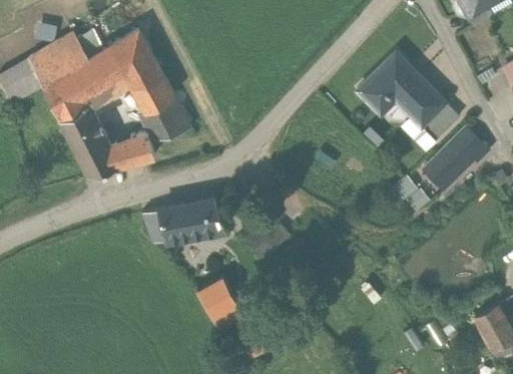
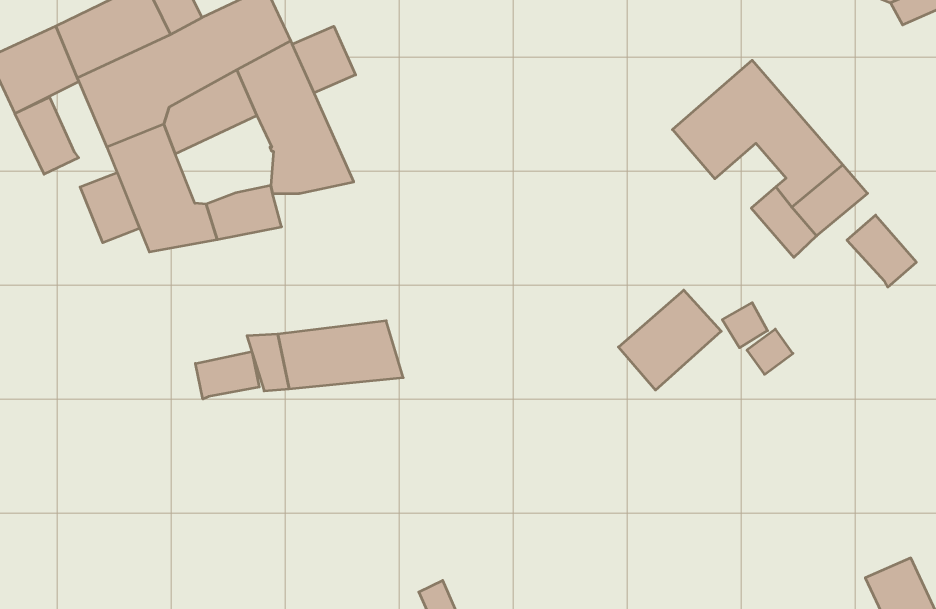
building: none -> [292,26,356,93]
building: none -> [15,97,79,174]
building: none -> [80,173,140,243]
building: [419,141,472,195] -> [618,290,721,390]
building: none -> [195,352,259,399]
building: [198,279,242,329] -> none

